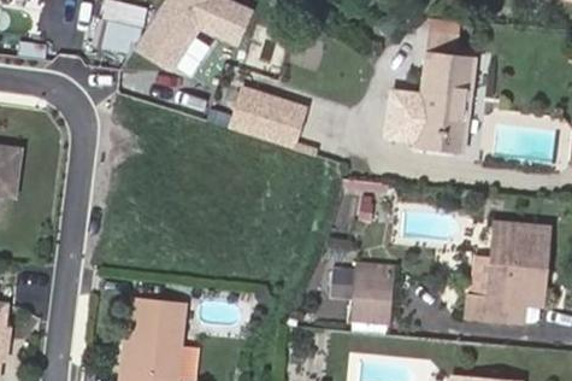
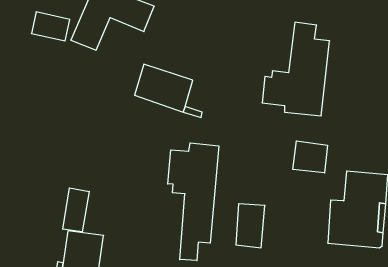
building: none -> [293,141,327,173]
building: none -> [168,143,219,261]
building: none -> [63,188,89,232]

